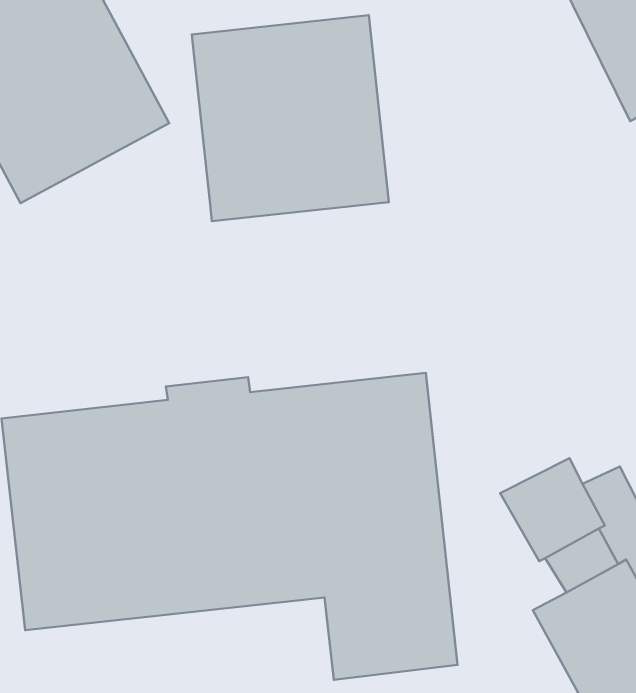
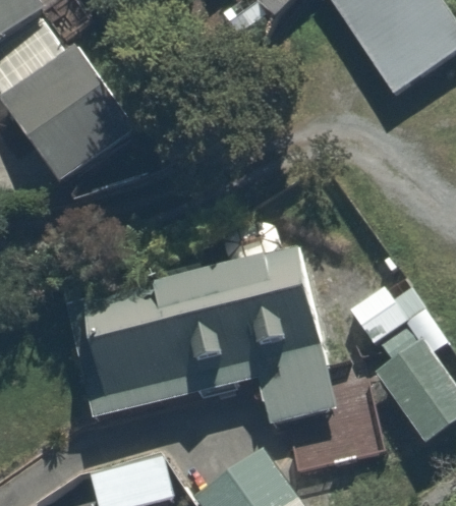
building: [192,15,389,221] -> none

